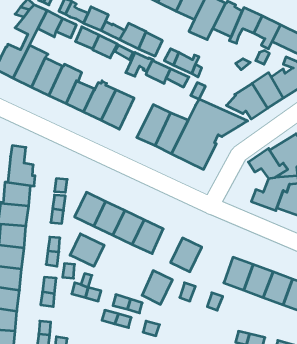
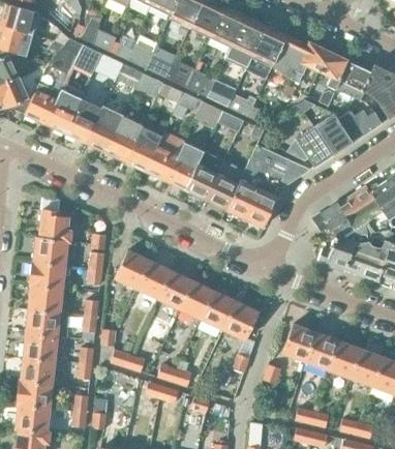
building: none -> [165,142,204,188]
building: [70,234,104,266] -> none
building: [142,271,172,304] -> [203,292,237,330]

